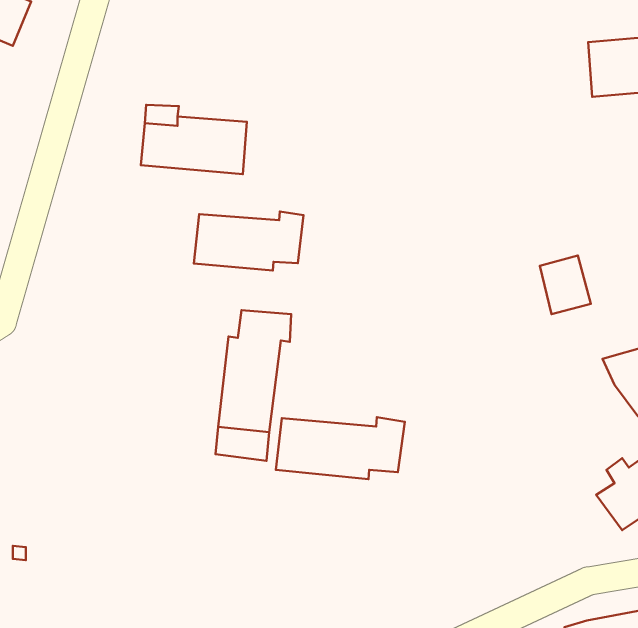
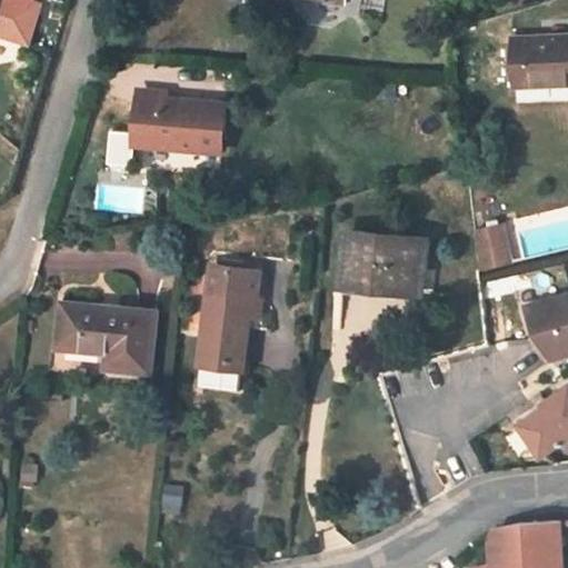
building: [194,211,304,271] -> none
building: none -> [339,231,425,293]
building: none -> [57,303,156,372]
building: [276,417,405,479] -> none

